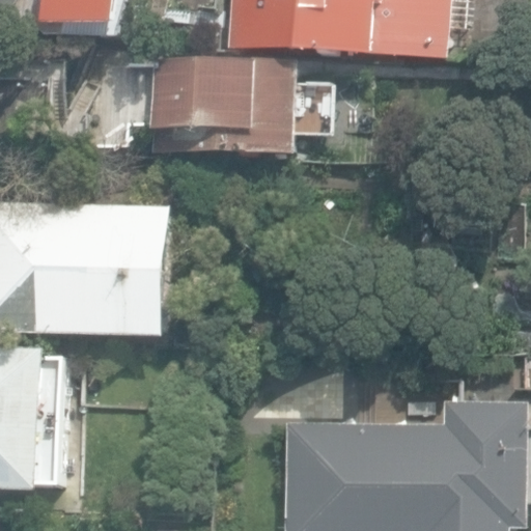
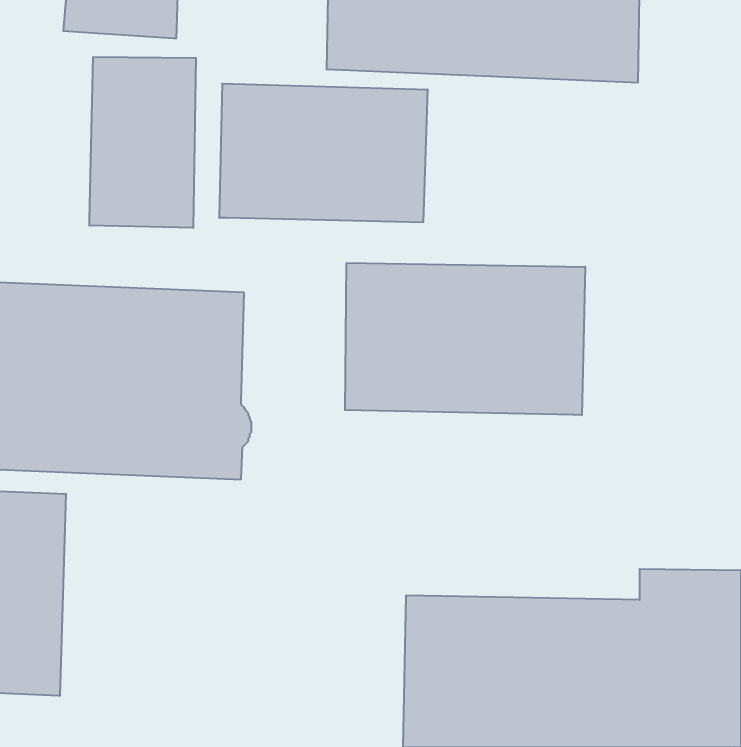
building: none -> [89,57,196,228]
building: none -> [345,263,585,415]

